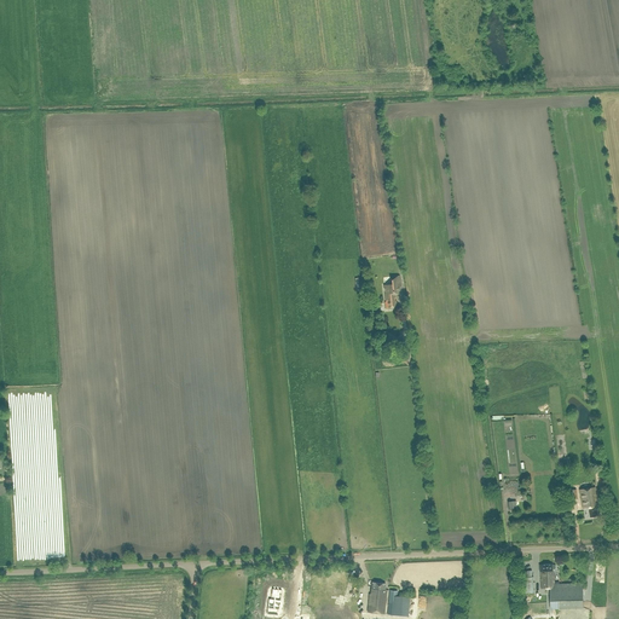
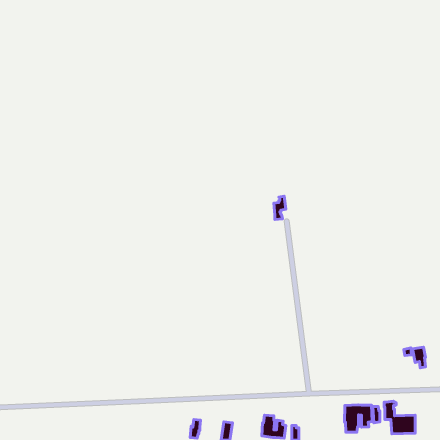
building: none -> [345,405,372,432]

